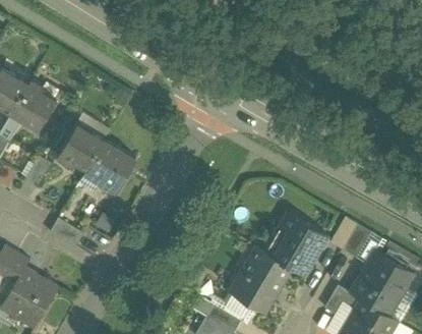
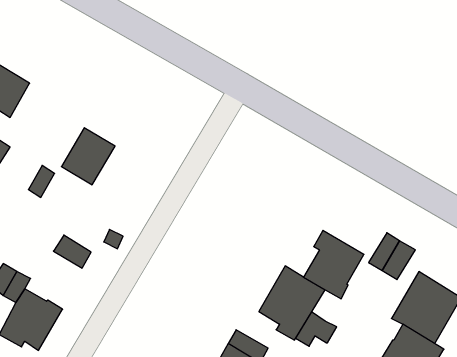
building: [11,80,56,131] -> none
building: [84,141,136,193] -> none
building: [324,286,361,317] -> [296,312,337,346]

